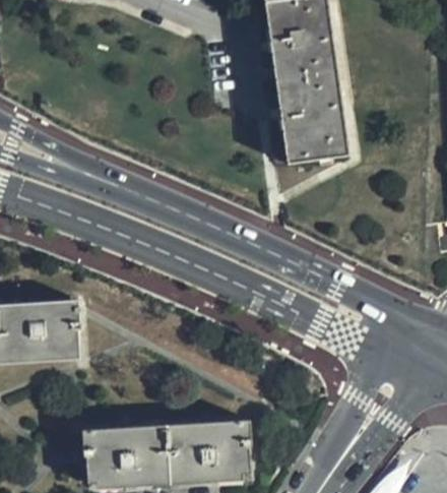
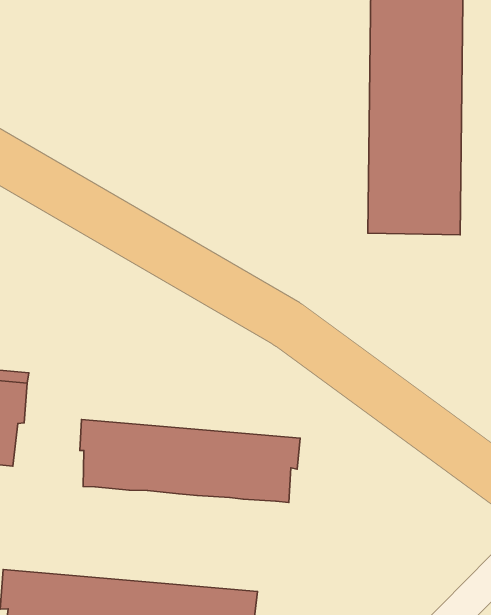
building: none -> [80,419,300,503]

